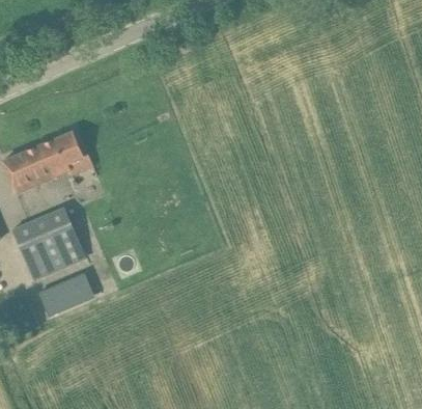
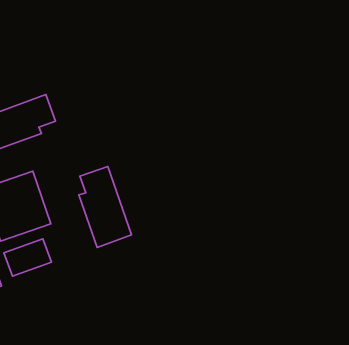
building: none -> [79,167,131,247]

